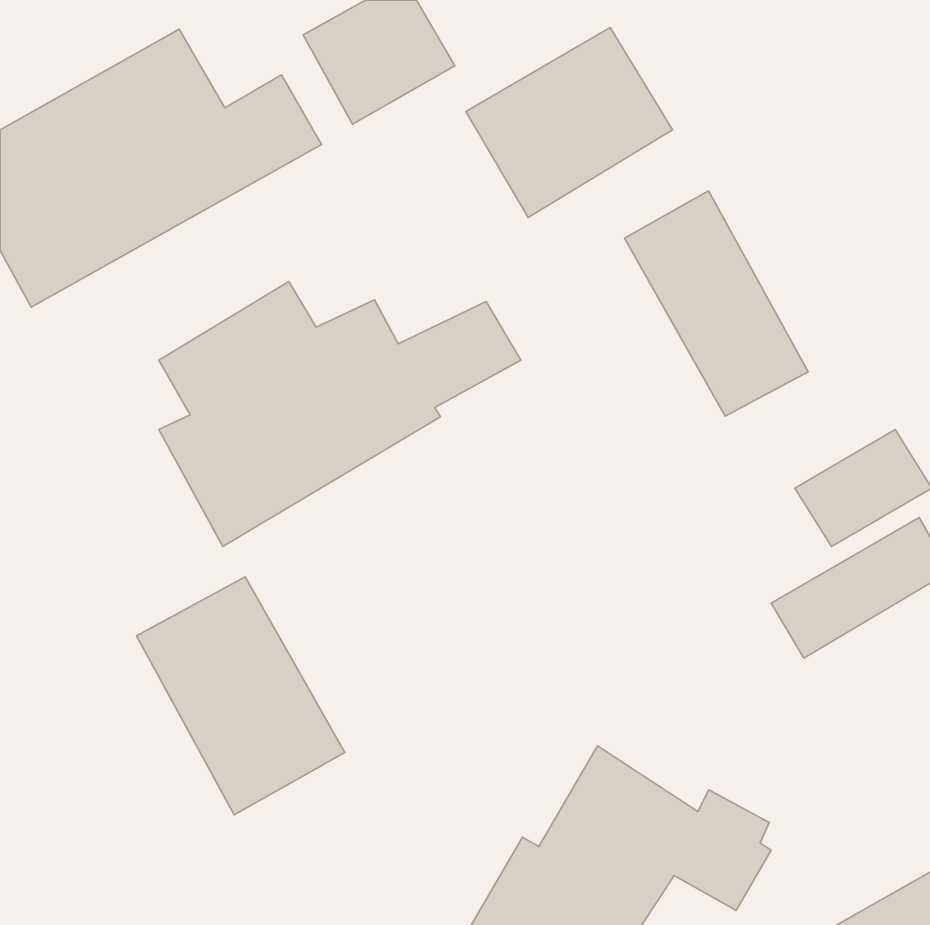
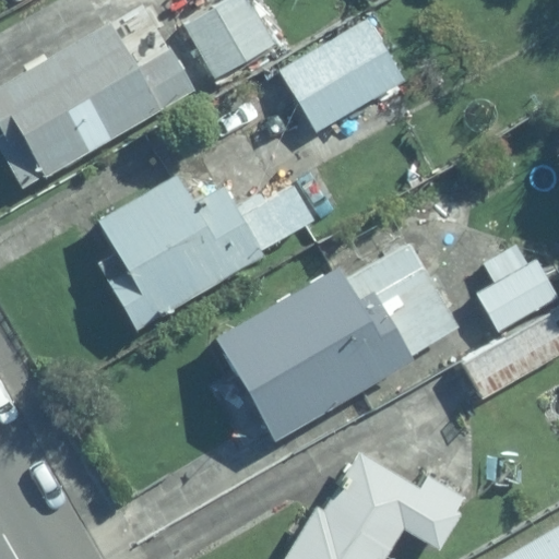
building: [625,191,808,416] -> none
building: none -> [214,242,460,439]
building: [137,577,345,815] -> none

